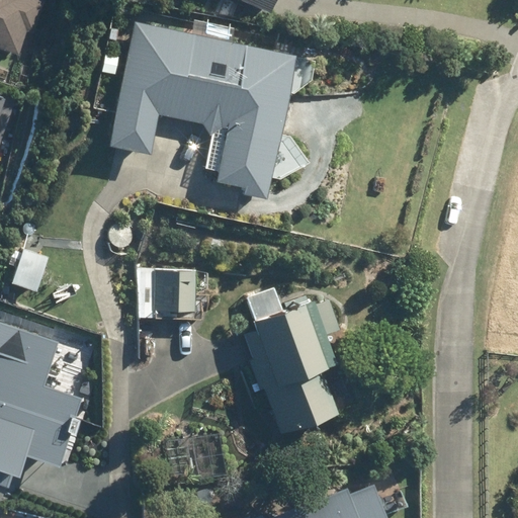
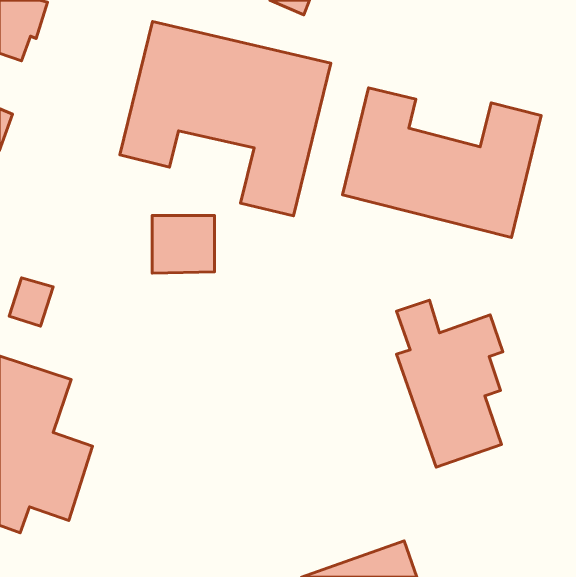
building: none -> [343,88,541,237]
building: [139,266,194,318] -> [152,216,214,273]
building: [245,284,340,434] -> [397,300,503,467]

